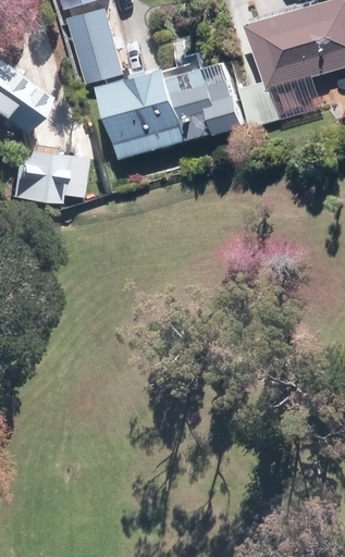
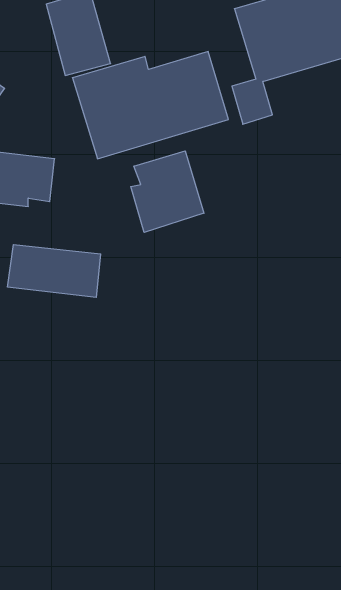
building: none -> [131,151,204,232]
building: none -> [8,245,101,297]

